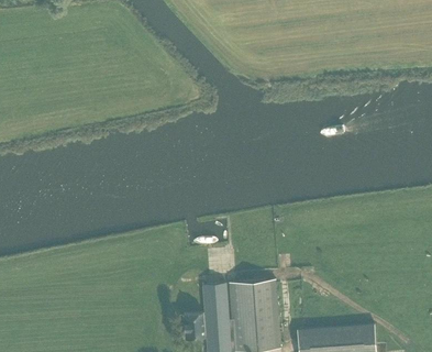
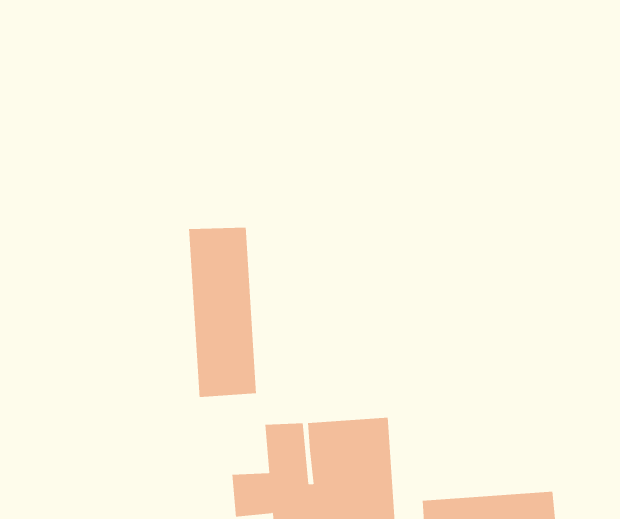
building: none -> [189,227,256,398]

